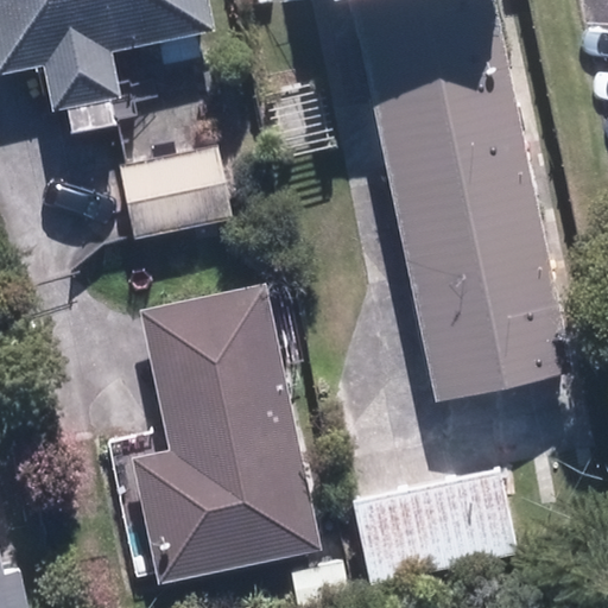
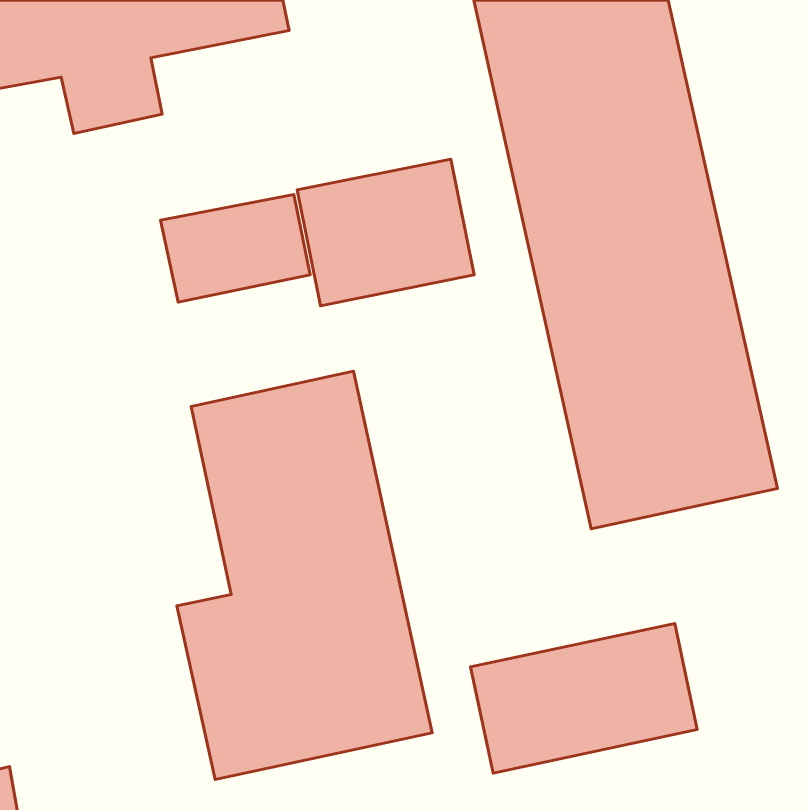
building: none -> [297,159,474,306]

